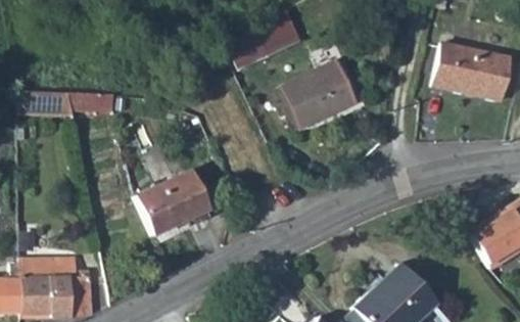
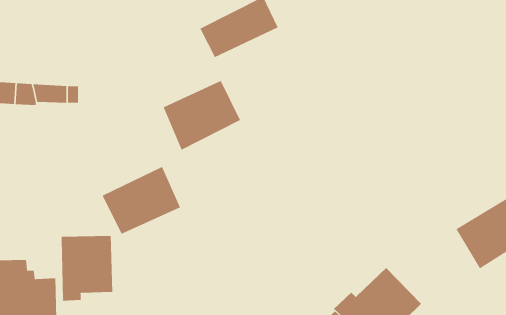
building: [433,42,509,99] -> none
building: [283,61,357,128] -> [163,80,241,151]
building: none -> [61,235,113,301]

